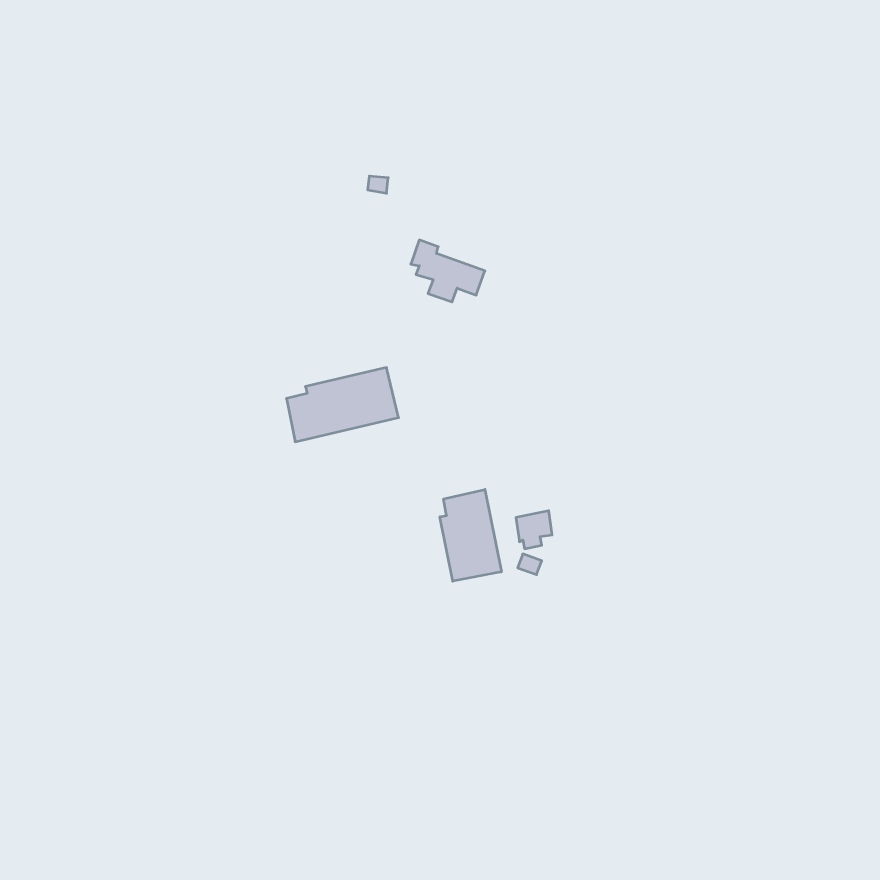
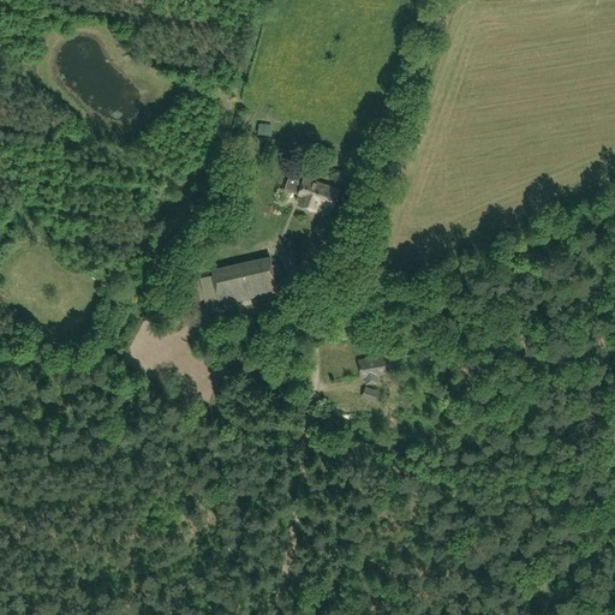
building: [440,489,501,581] -> none

